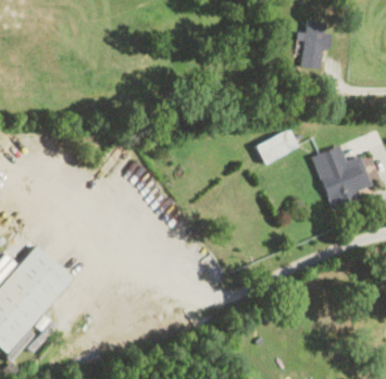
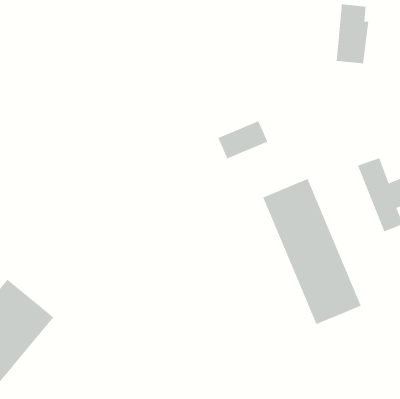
building: [256,130,297,161] -> [218,120,268,159]
building: none -> [263,178,361,325]

